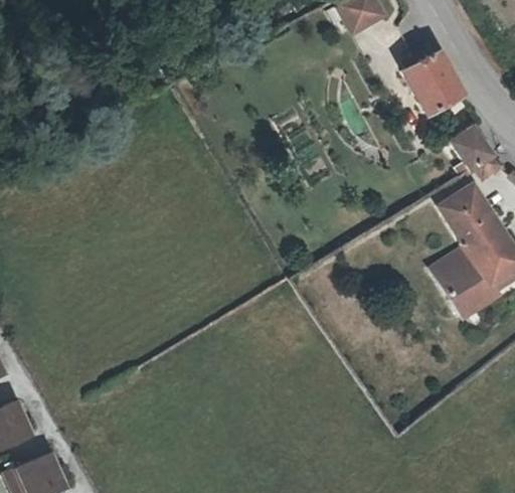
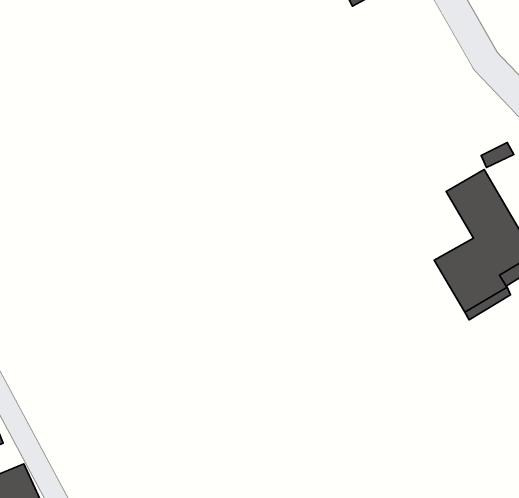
building: [403,44,462,116] -> none
building: [450,124,493,169] -> none

